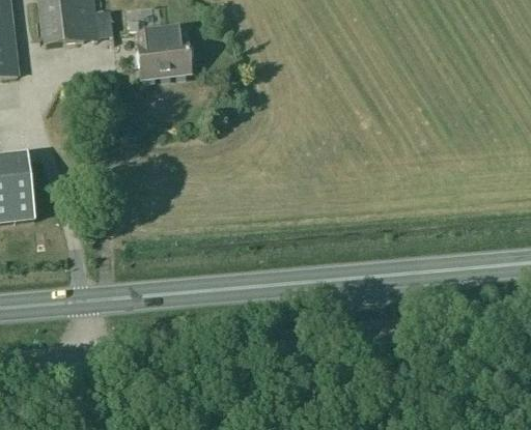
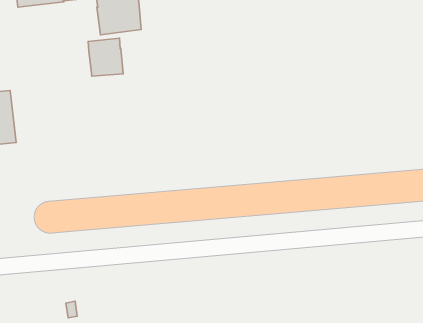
building: none -> [88,38,123,76]

